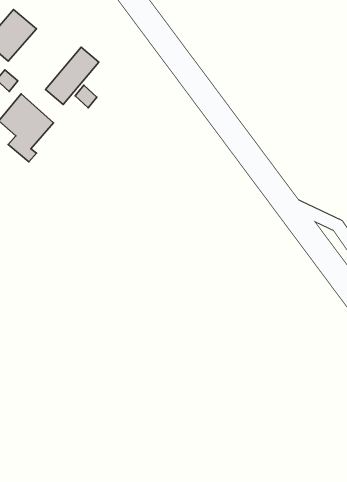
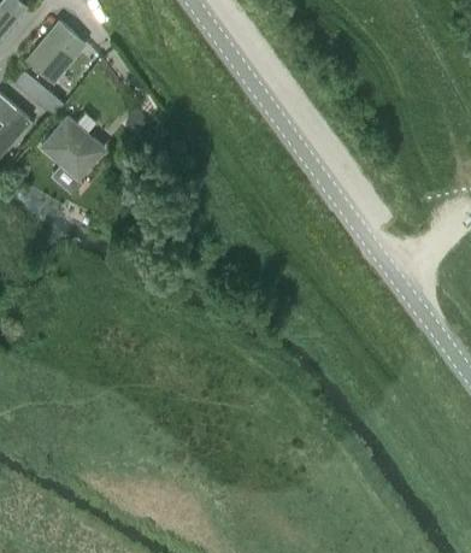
building: [46,47,99,105] -> none

